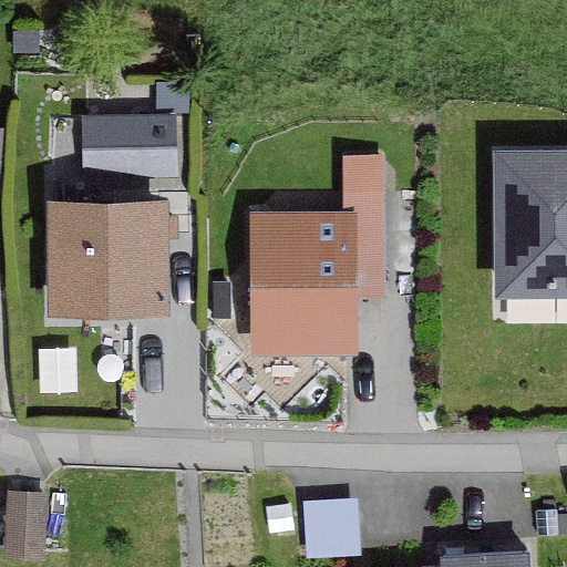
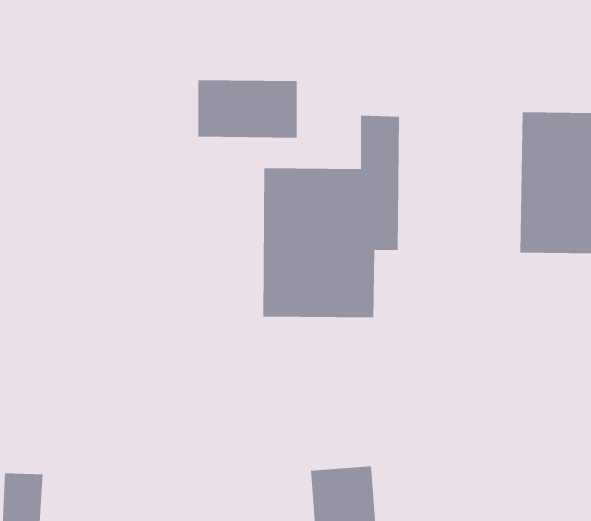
building: [80,122,175,177] -> [197,80,298,138]
building: [50,206,171,315] -> none

